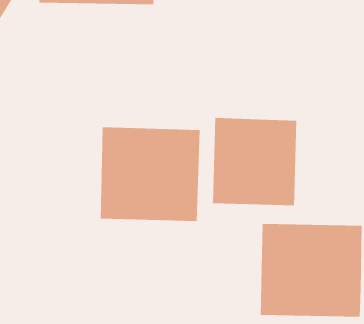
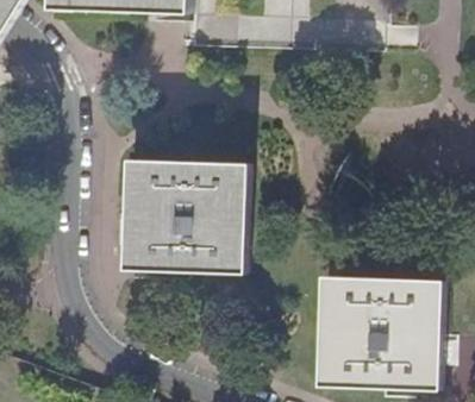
building: [212,117,297,206] -> none

